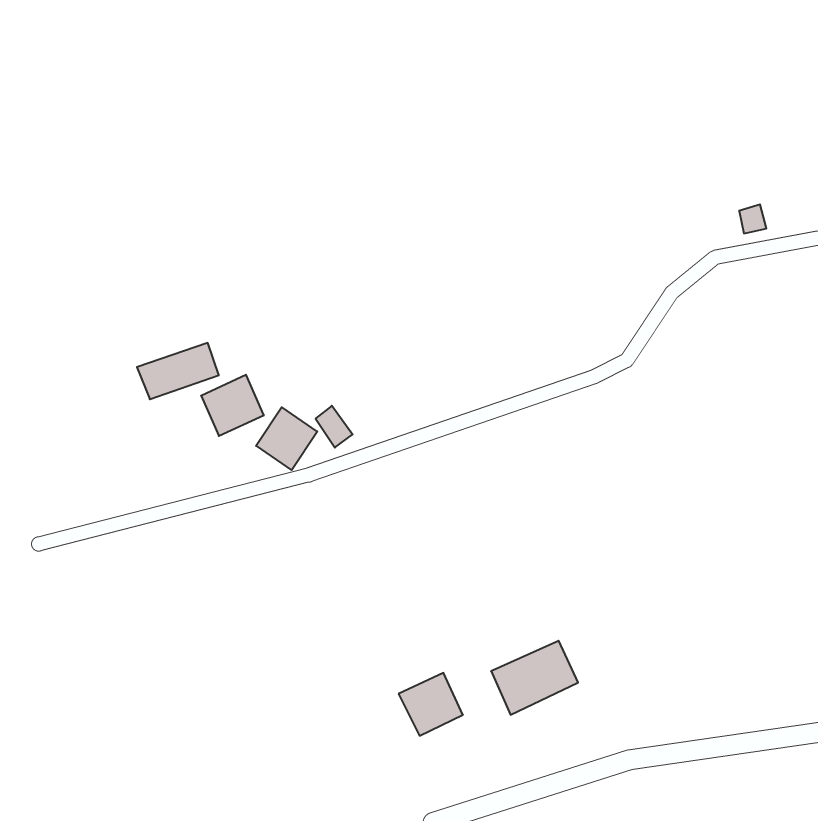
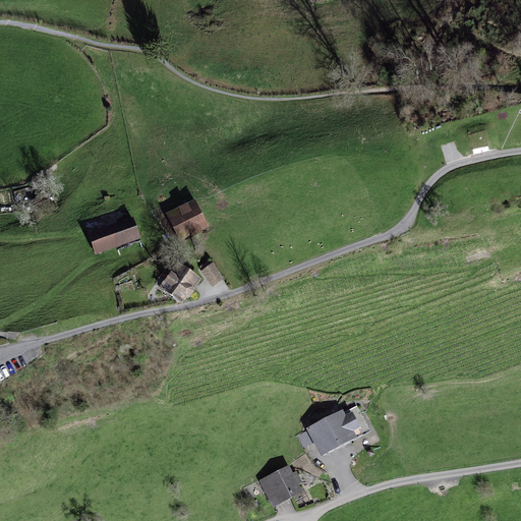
building: [201,375,264,436] -> [164,200,204,239]
building: [399,673,463,736] -> [259,465,300,505]

